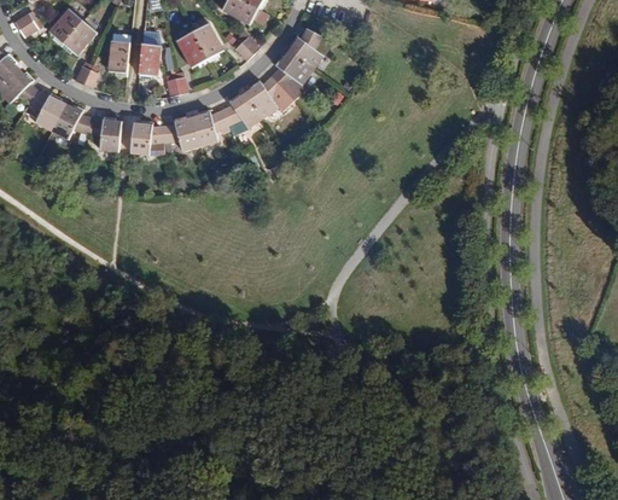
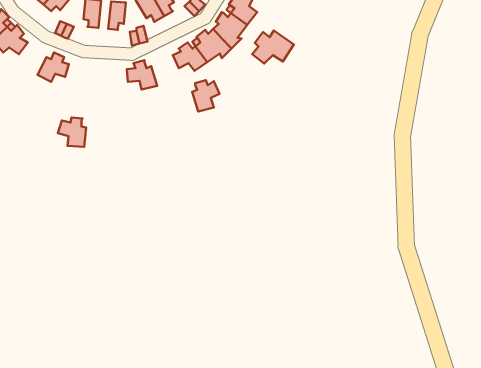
building: none -> [252,30,294,64]
building: [30,93,64,133] -> none
building: [193,107,227,146] -> [192,80,220,111]
building: [87,116,122,152] -> [58,118,86,147]
building: [132,120,164,155] -> none

